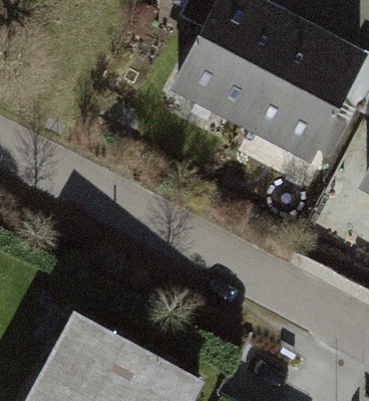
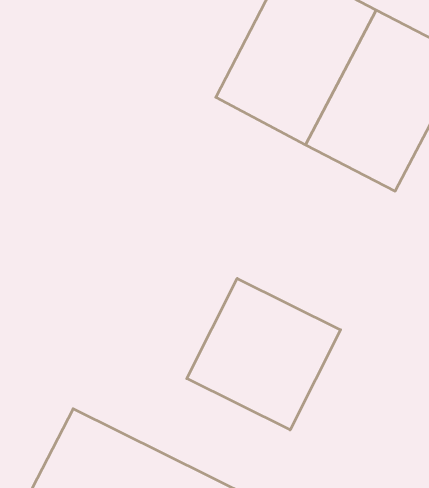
building: none -> [187,278,341,430]

